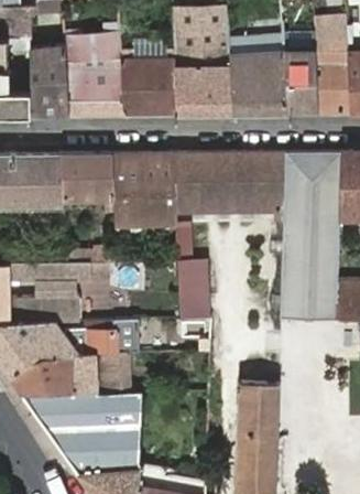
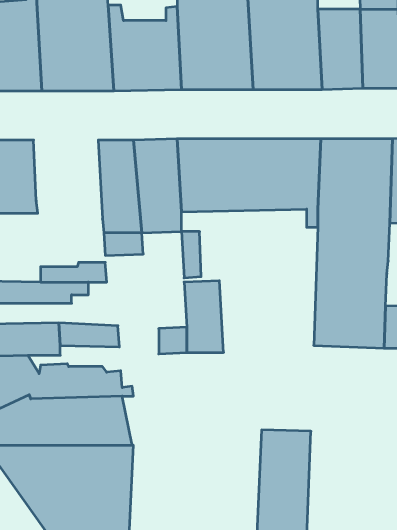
building: [62,154,116,216] -> none

